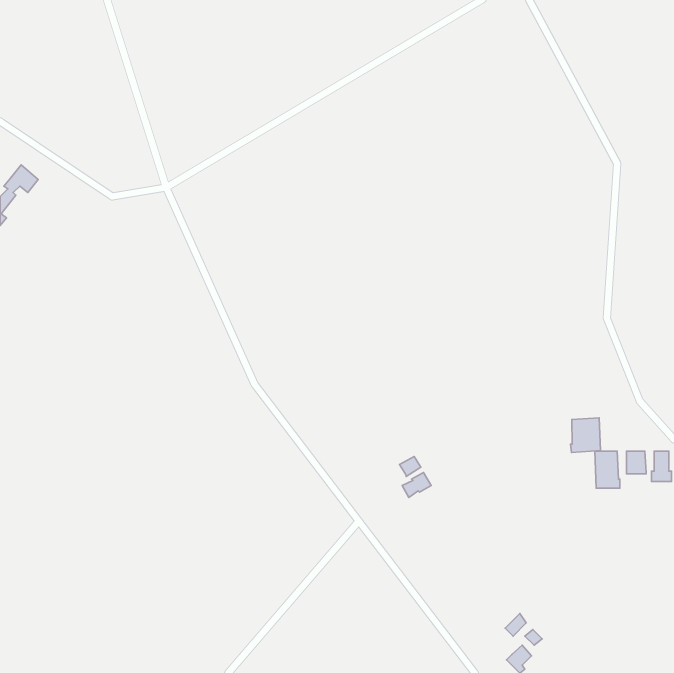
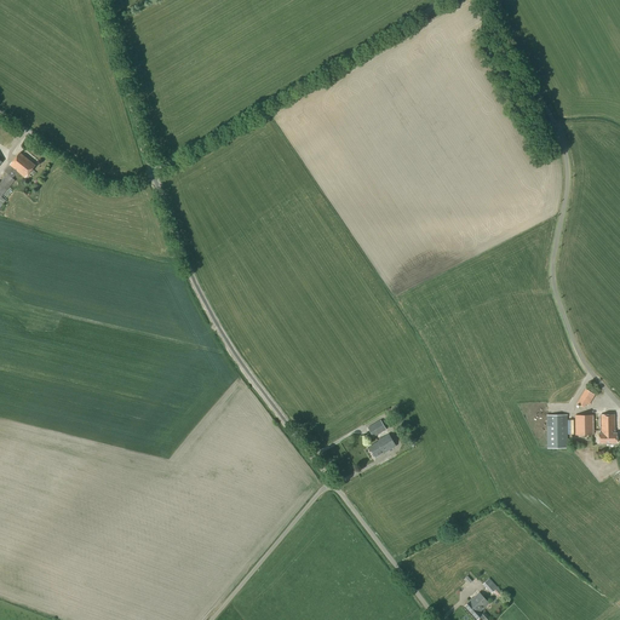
building: [571,418,600,452] -> none

